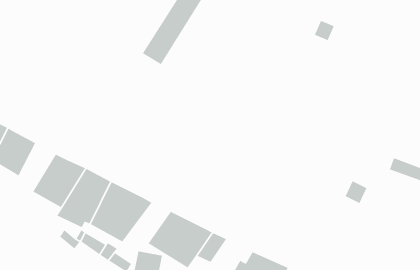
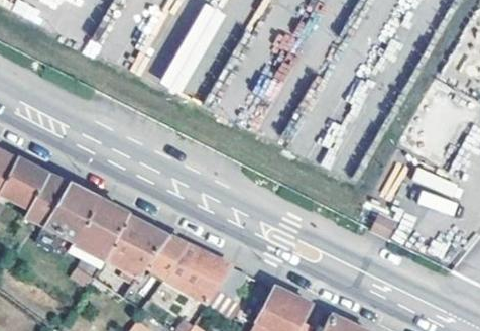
building: none -> [25,172,68,224]
building: none -> [145,234,189,278]

